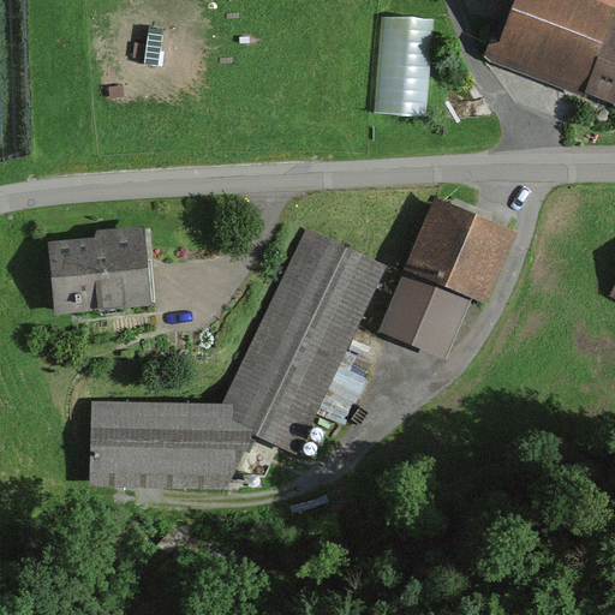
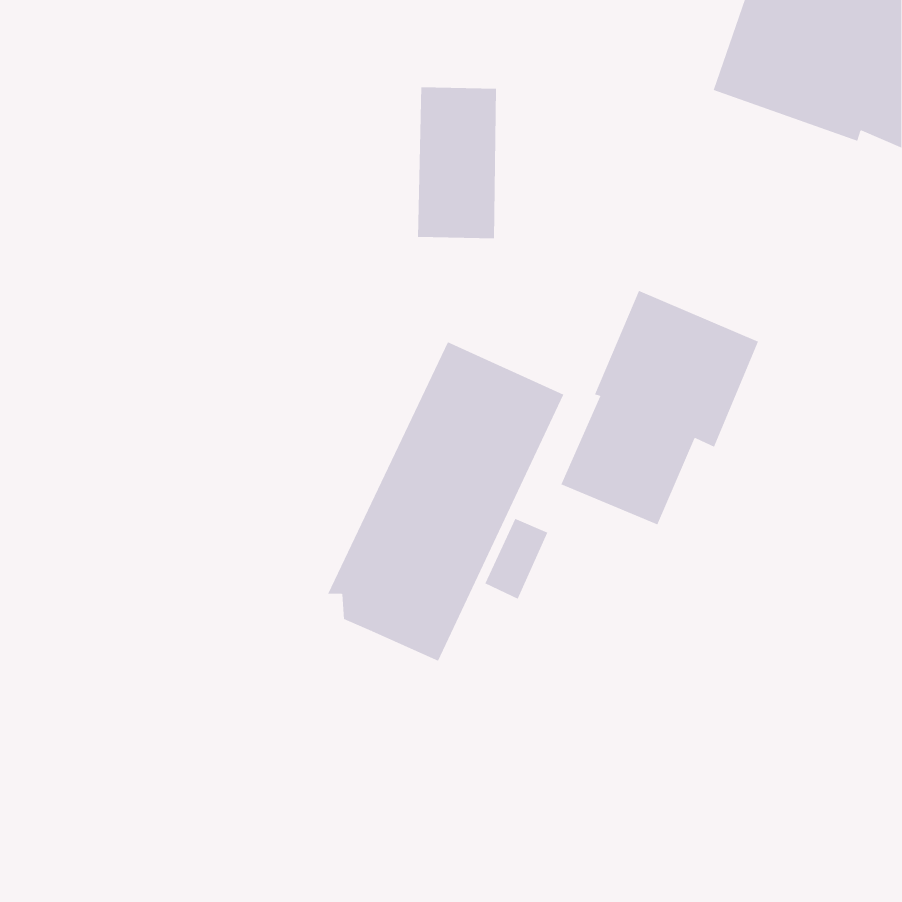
building: [377,18,431,121] -> [417,87,497,239]
building: [47,225,151,312] -> none
building: [88,398,252,486] -> none

